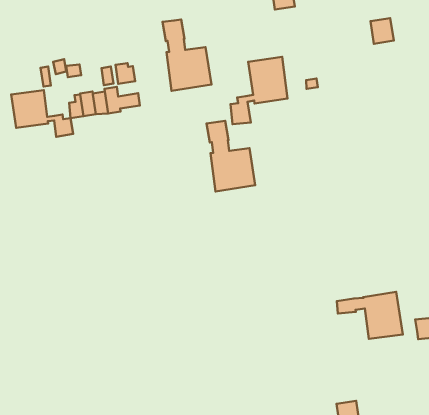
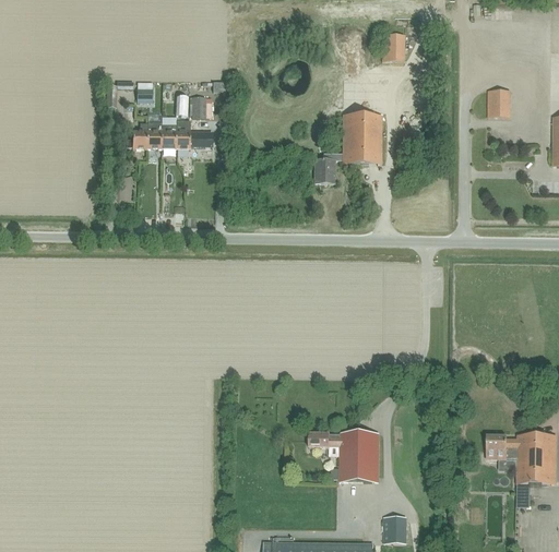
building: [162,19,211,91] -> none
building: [11,90,73,137] -> none
building: [207,121,255,191] -> none
building: [337,292,403,339] -> [309,432,379,481]

